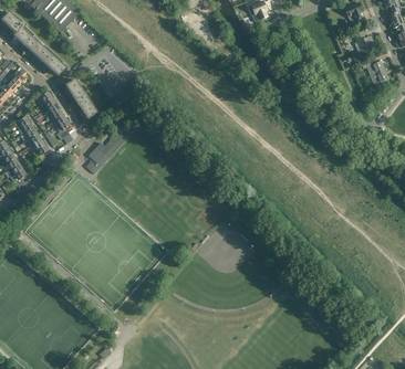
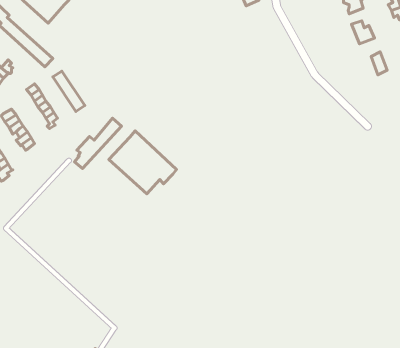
building: none -> [109,131,177,194]

